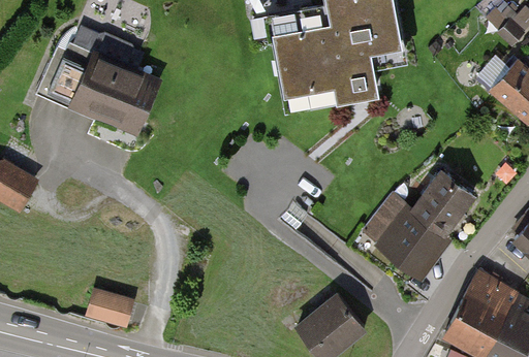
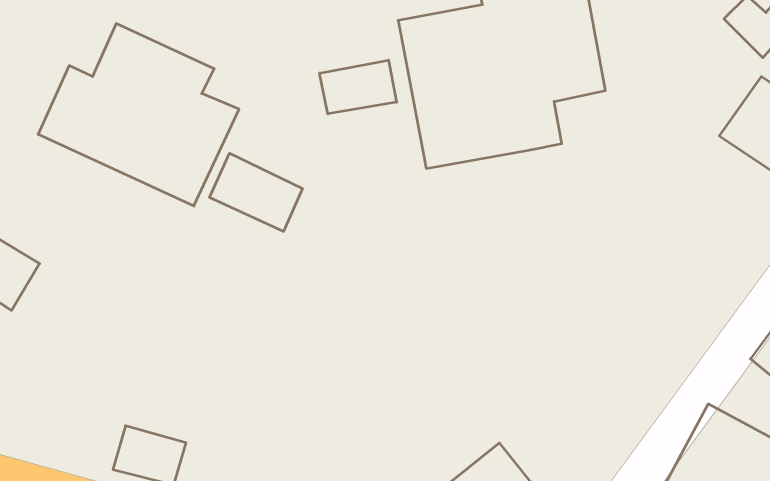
building: none -> [320,60,397,114]
building: none -> [210,153,302,231]
building: [355,164,474,283] -> none

